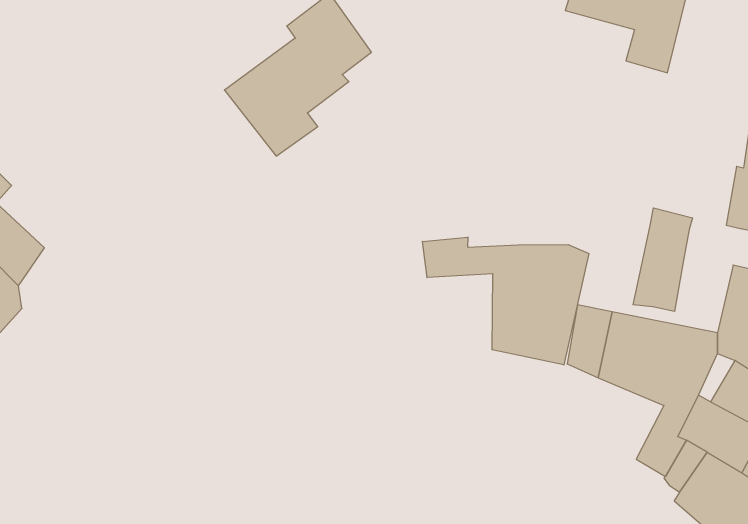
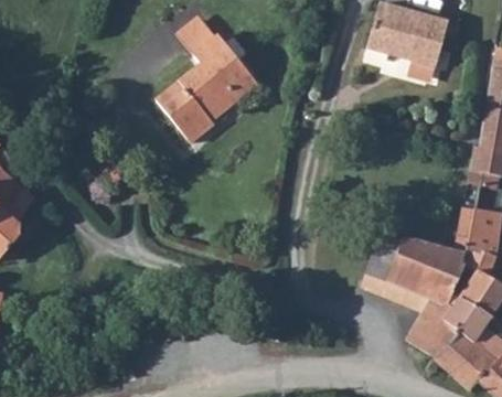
building: [633,208,693,311] -> none
building: [423,237,589,365] -> none

